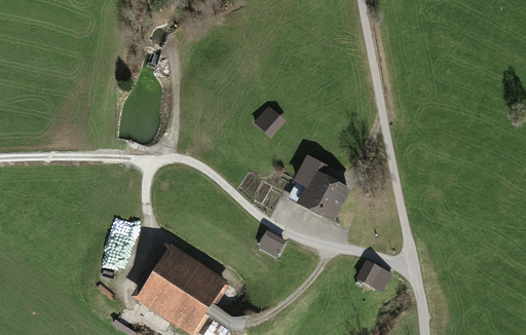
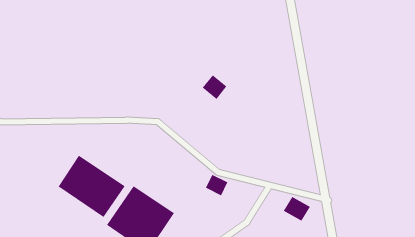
building: [301,156,346,220] -> none
building: none -> [58,155,125,218]

